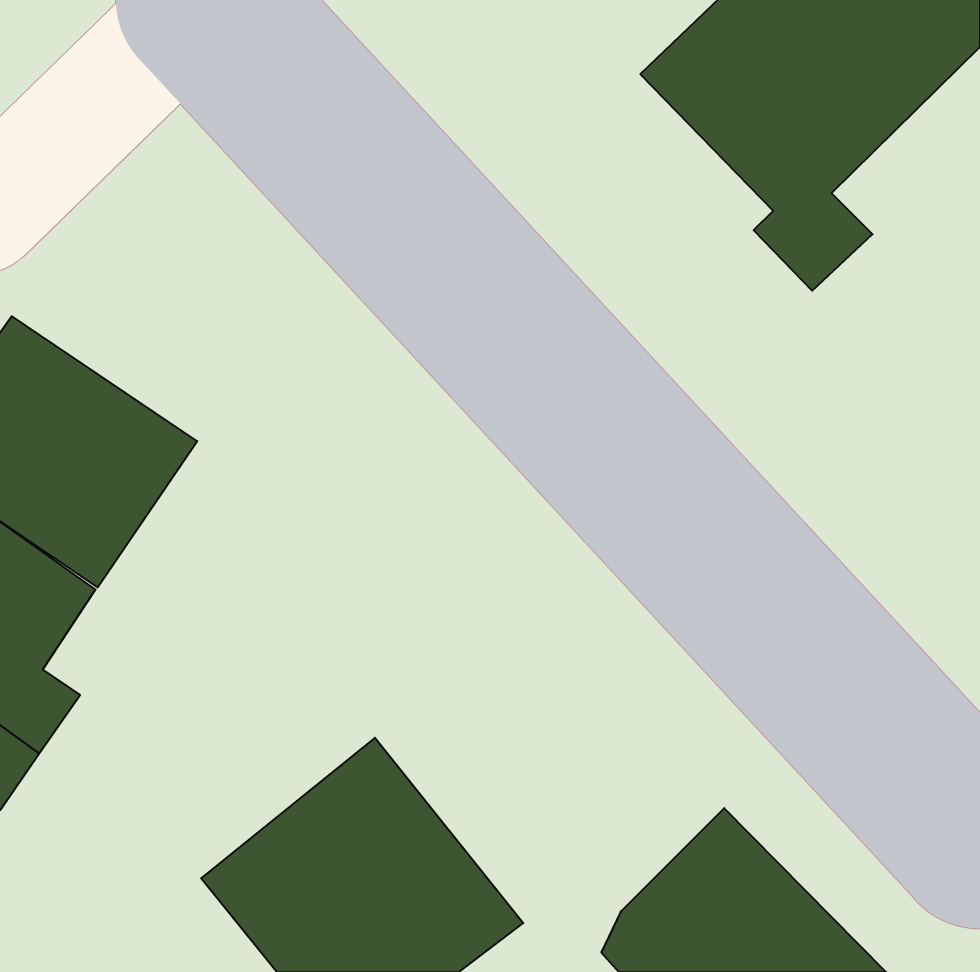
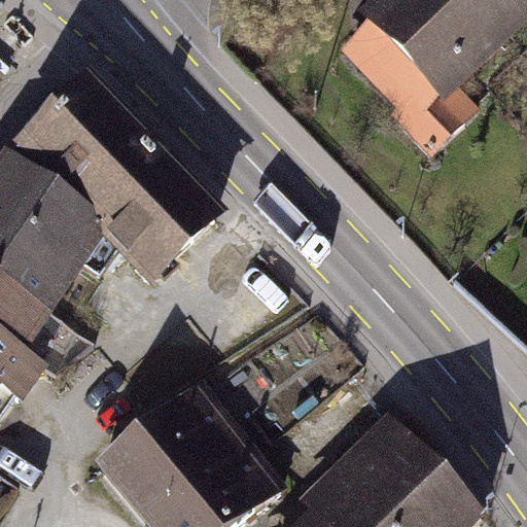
building: none -> [21,83,218,284]

